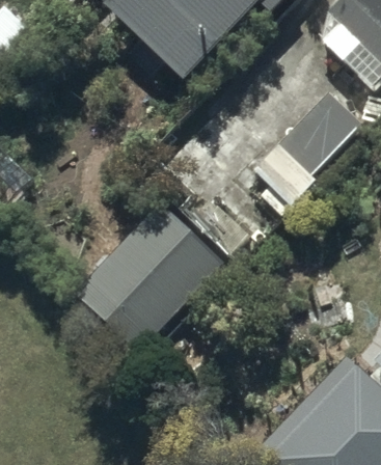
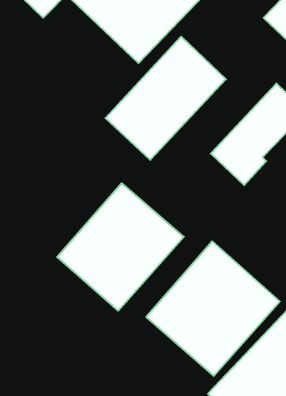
building: none -> [105,37,226,160]
building: none -> [146,241,280,376]

